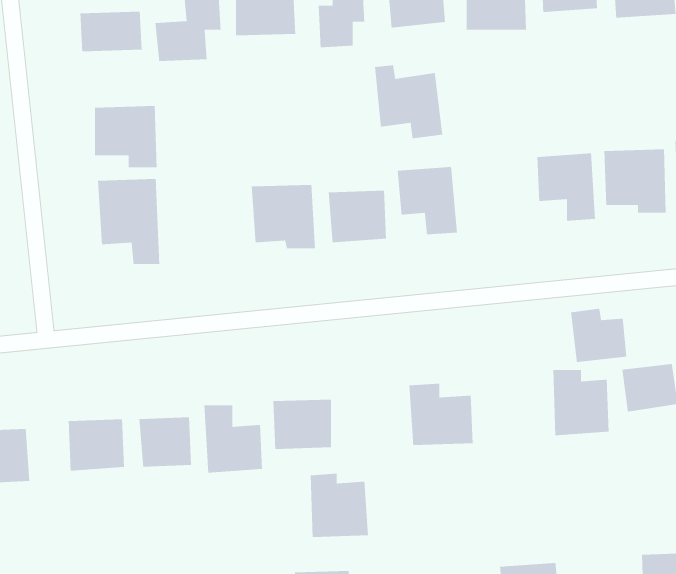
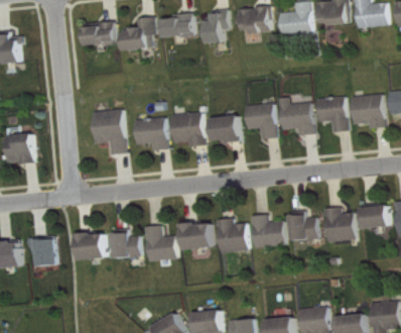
building: [374,64,443,139] -> [277,97,312,135]
building: [94,105,157,168] -> [133,117,165,149]
building: [570,308,627,363] -> [287,212,316,240]
building: [310,473,369,538] -> [217,218,247,251]

